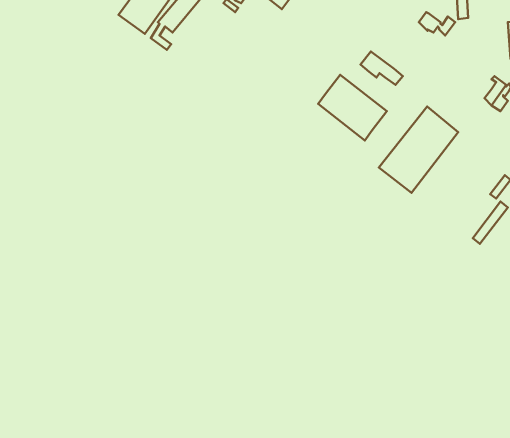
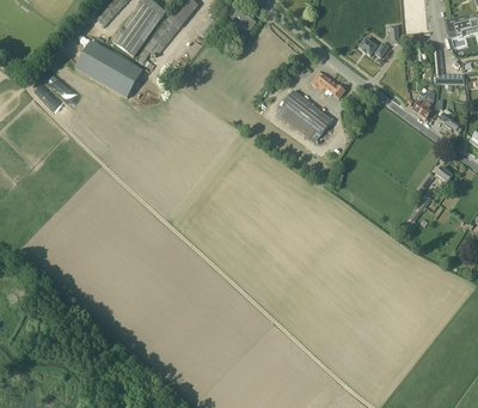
building: none -> [75,41,142,97]
building: [379,106,458,193] -> none

